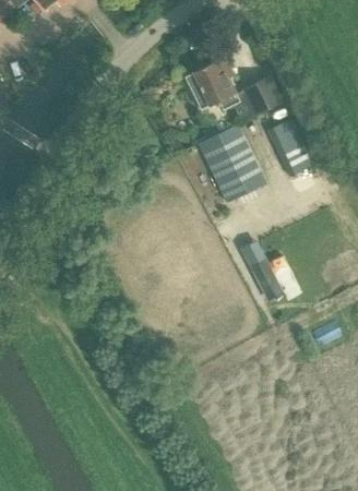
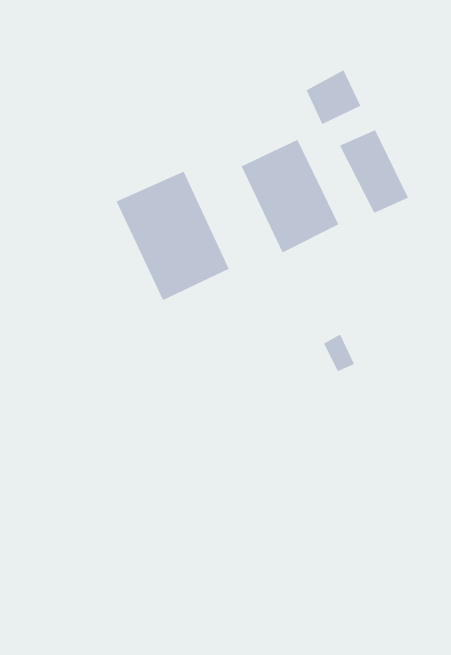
building: [190,56,239,110] -> none
building: none -> [116,171,229,301]

